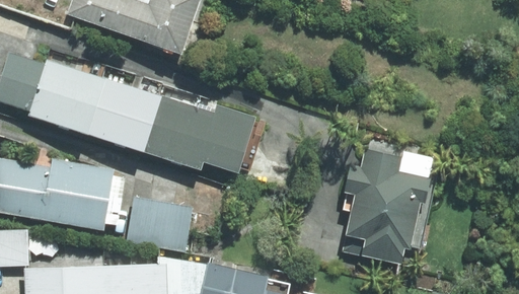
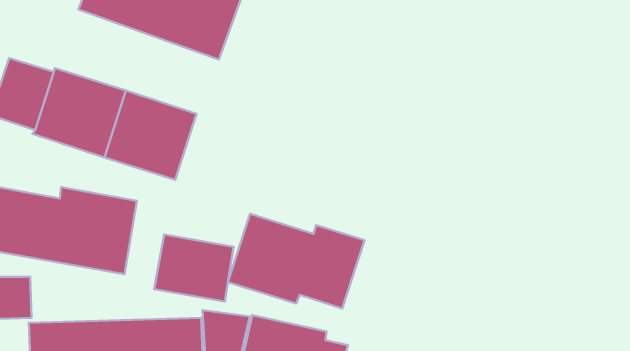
building: [144,96,255,173] -> [228,214,364,308]
building: [342,150,435,265] -> none

